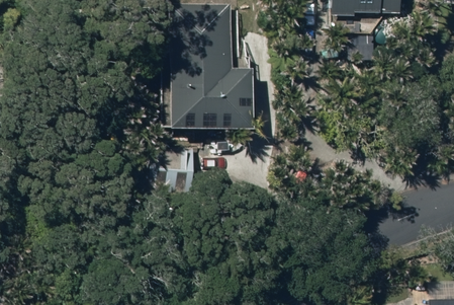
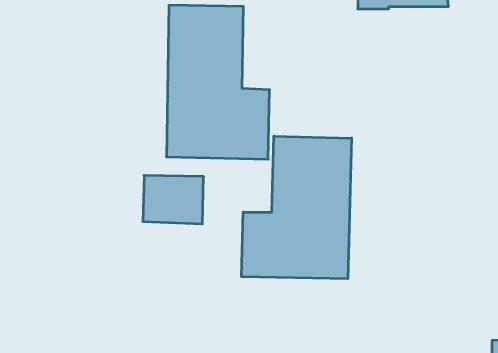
building: none -> [242,136,352,279]

